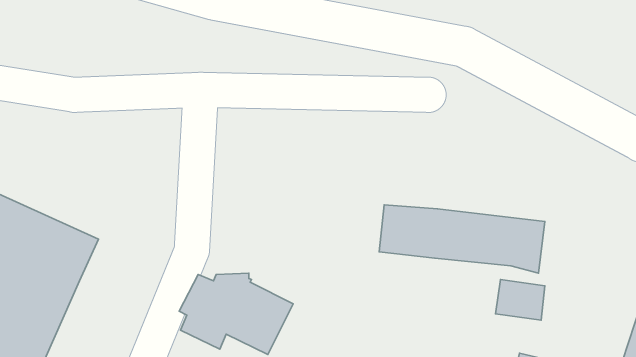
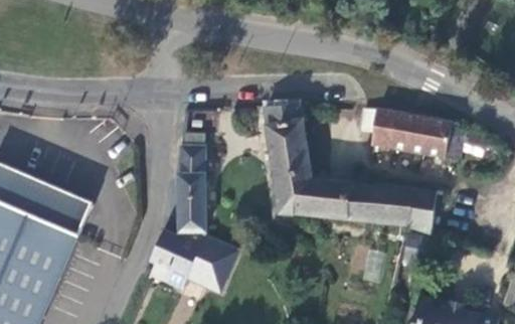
building: none -> [263,105,312,214]
building: none -> [359,111,464,161]
building: none -> [178,134,204,232]

